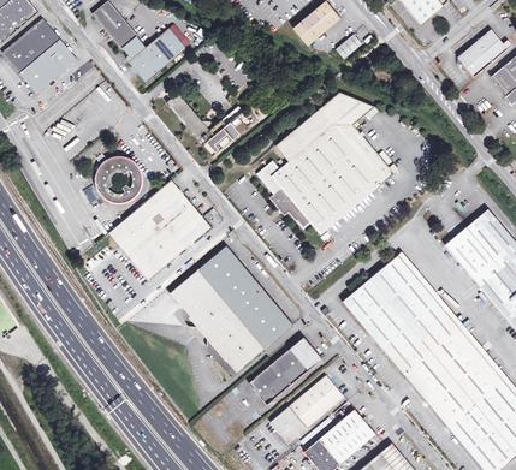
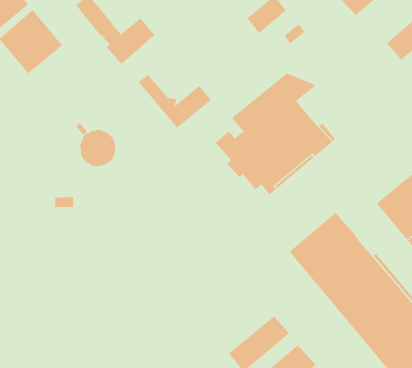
building: [109,179,210,279] -> none
building: [170,245,292,371] -> none
building: [249,337,321,404] -> none

